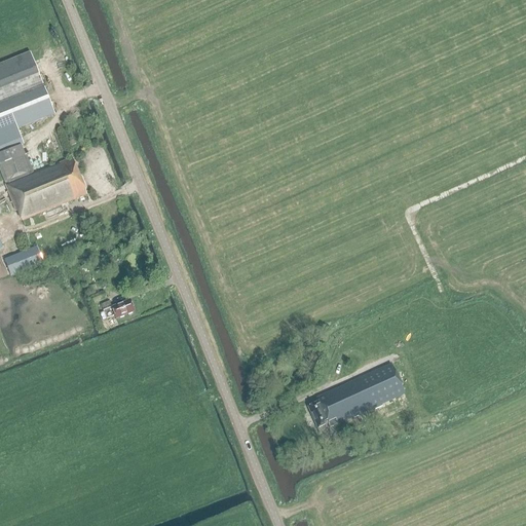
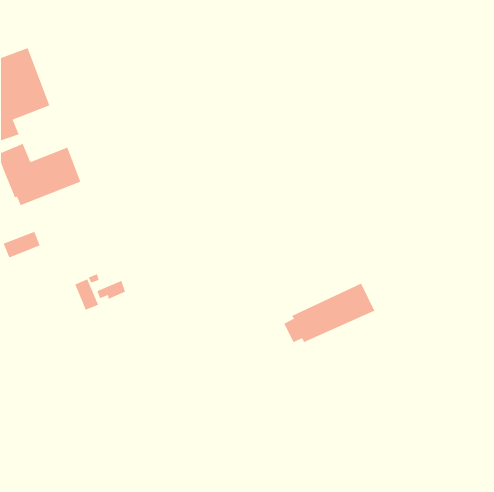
building: none -> [74,279,99,311]
building: [306,362,404,425] -> [283,283,375,343]

